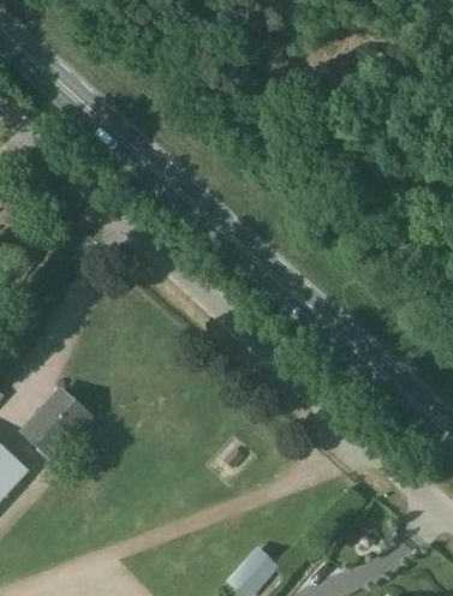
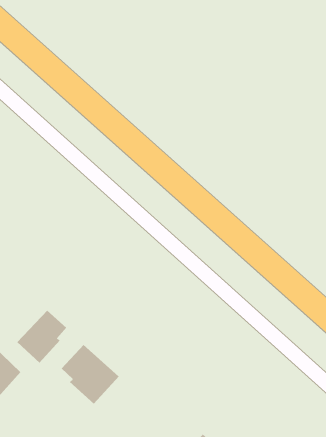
building: none -> [61,344,119,404]

